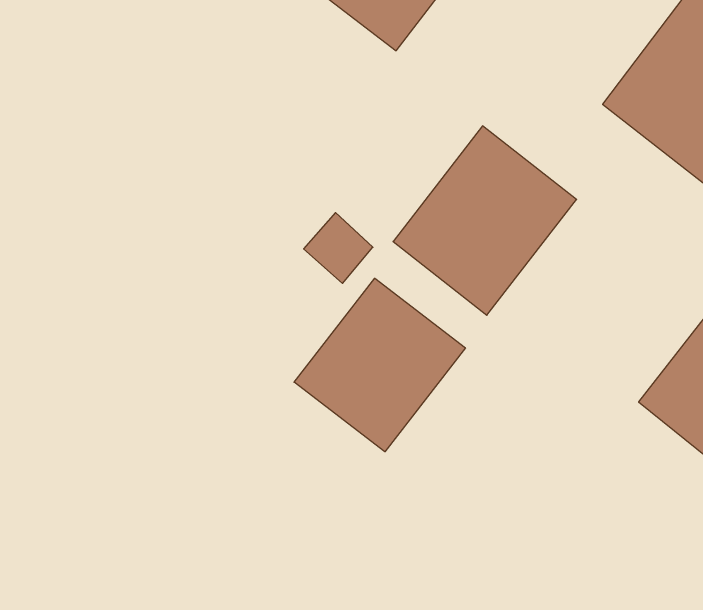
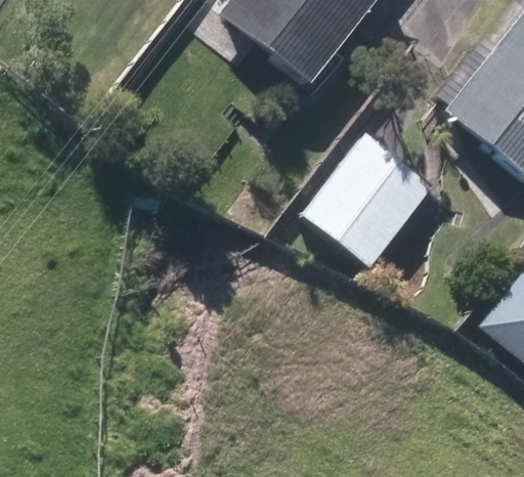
building: [294,278,465,452] -> none

